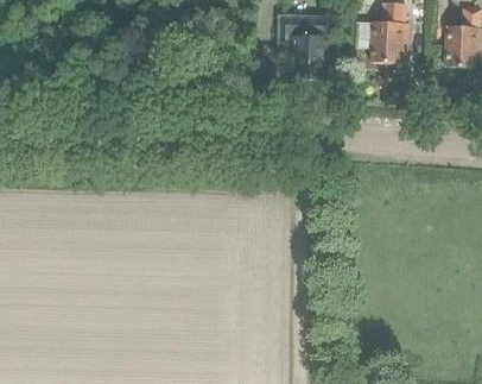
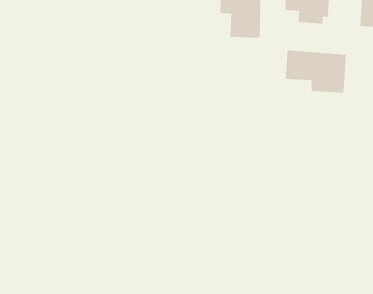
building: none -> [285,50,347,94]

